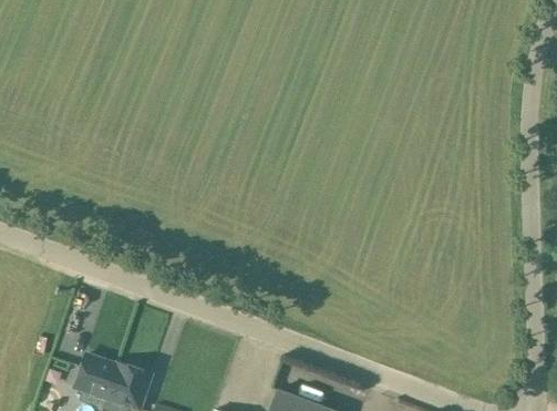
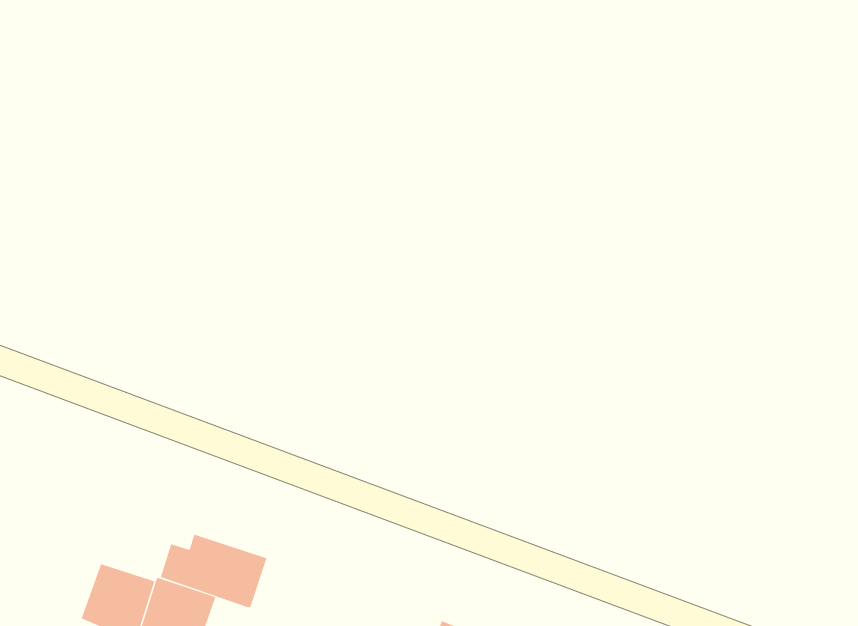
building: none -> [160,534,267,608]

